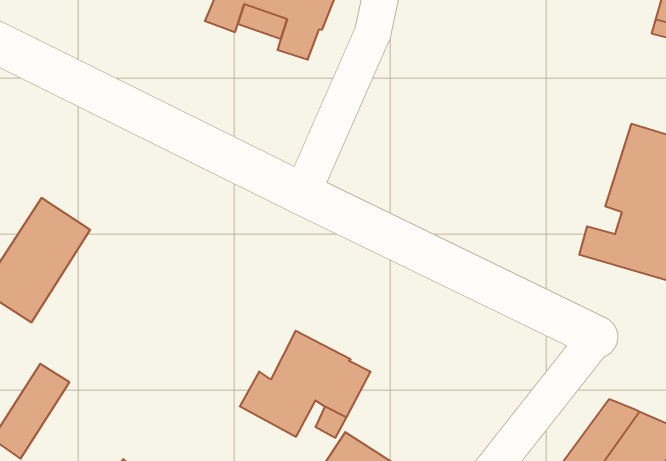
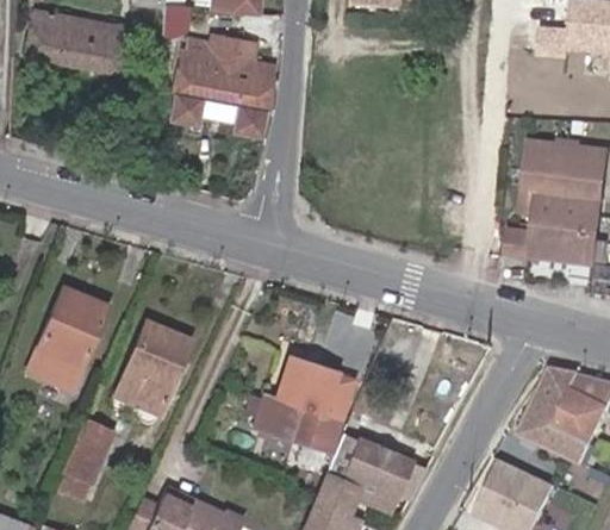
building: none -> [116,322,192,414]

